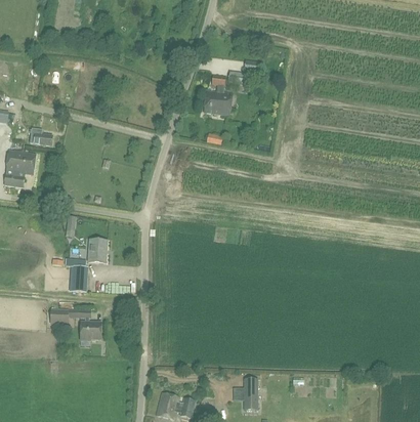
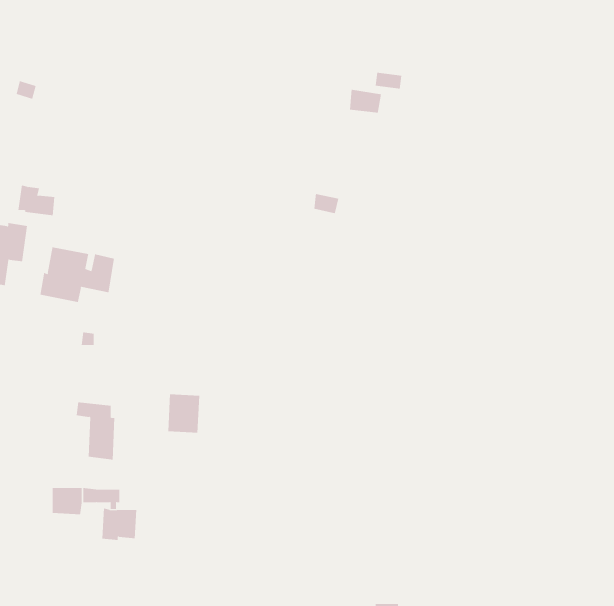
building: [203,75,232,115] -> none
building: none -> [40,247,115,303]
building: [87,239,107,262] -> [168,394,200,433]

